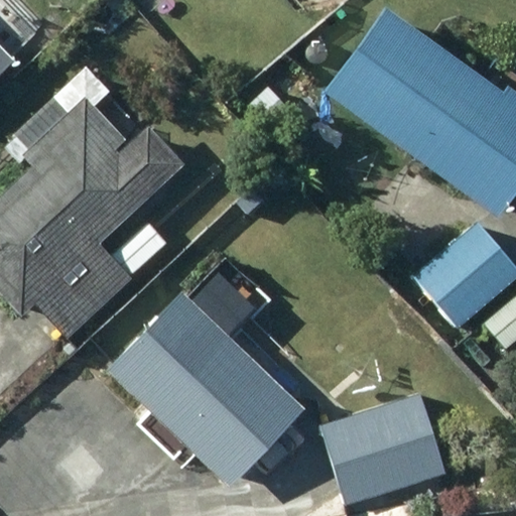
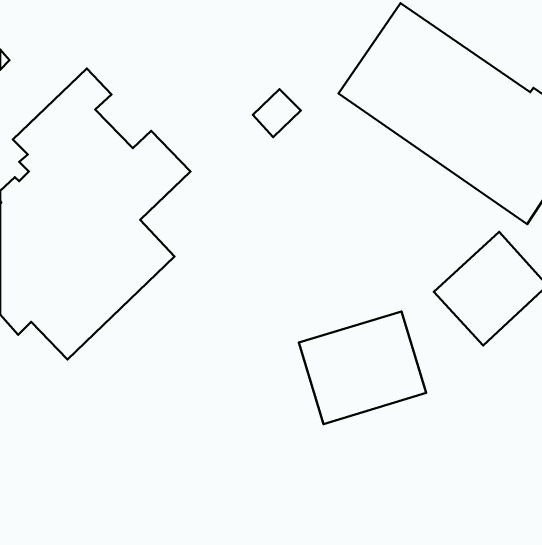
building: [106,291,302,485] -> none
building: [322,396,442,502] -> [299,311,426,424]

